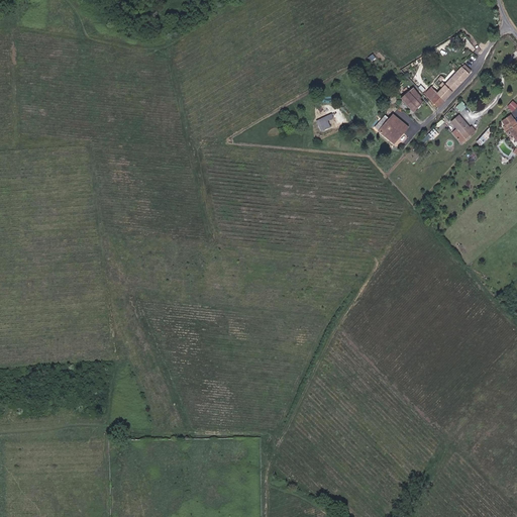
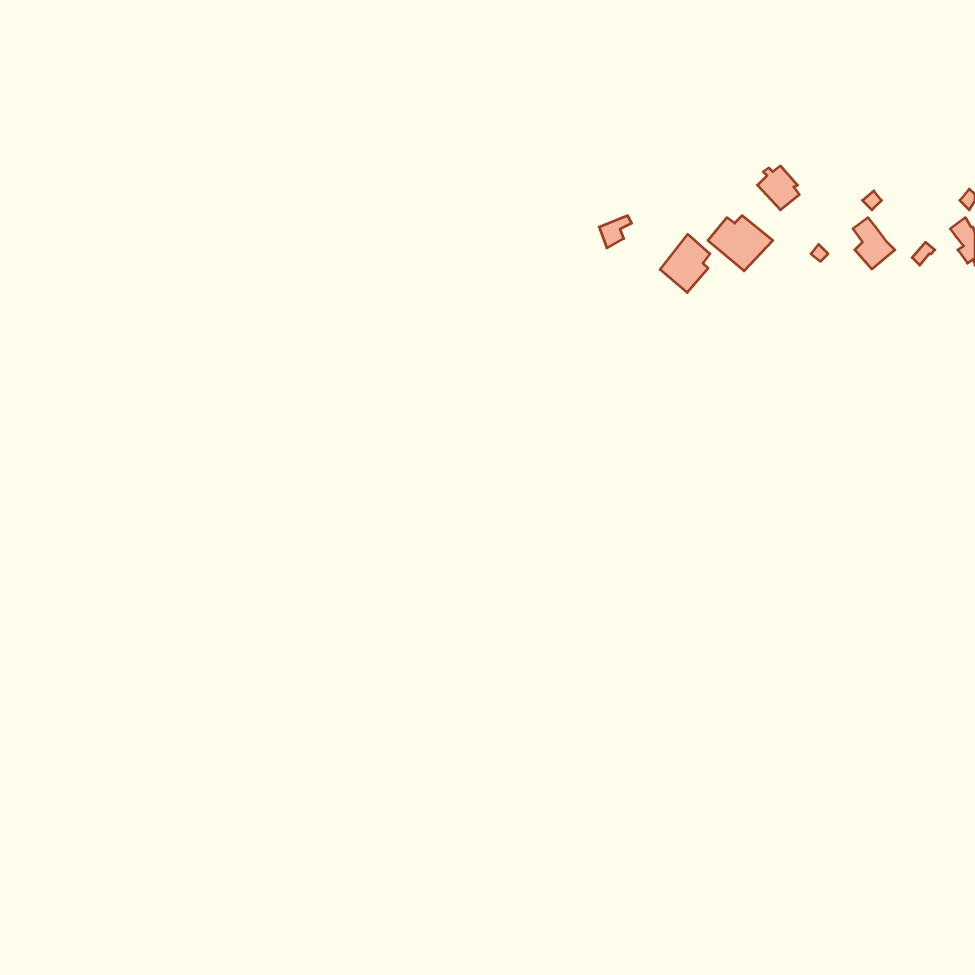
building: [424,65,471,107] -> none
building: none -> [660,234,710,293]

